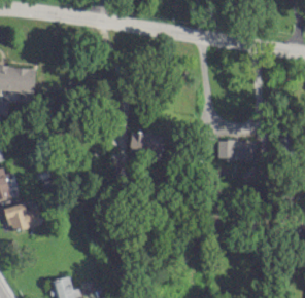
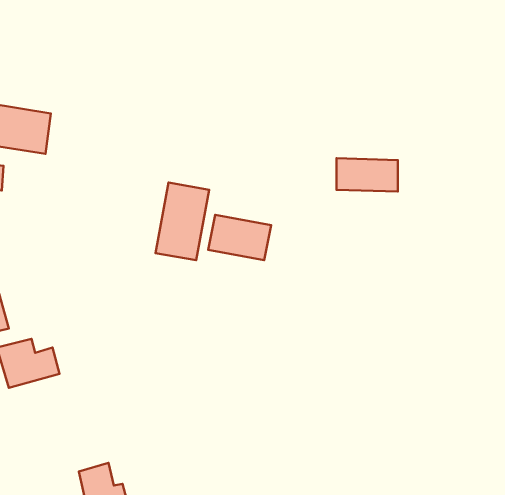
building: none -> [155,183,209,260]
building: [217,140,253,159] -> [336,158,398,191]

